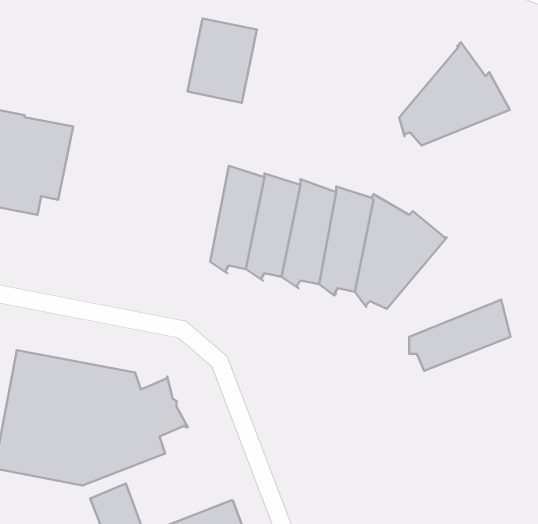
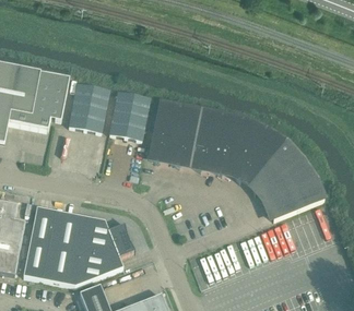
building: [187,18,257,103] -> [109,92,150,141]
building: [399,42,510,146] -> [251,140,316,200]
building: none -> [69,83,109,133]

